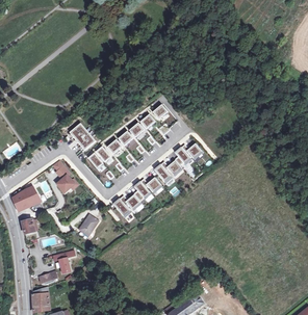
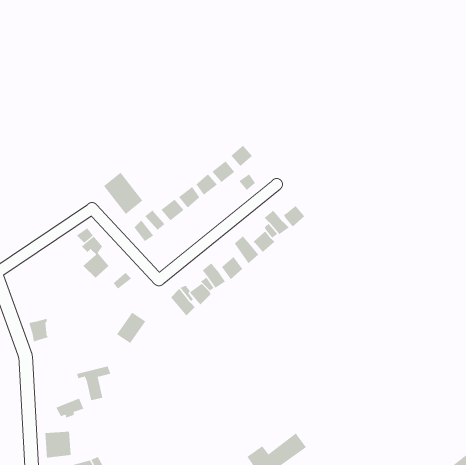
building: [11,186,41,211] -> none

